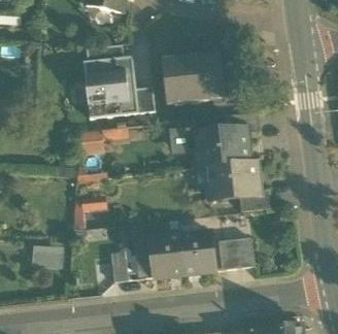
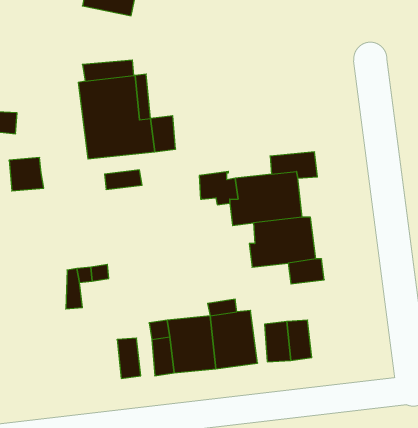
building: [162,53,225,105] -> none
building: [79,131,105,156] -> [9,158,44,191]
building: [32,246,64,270] -> none

